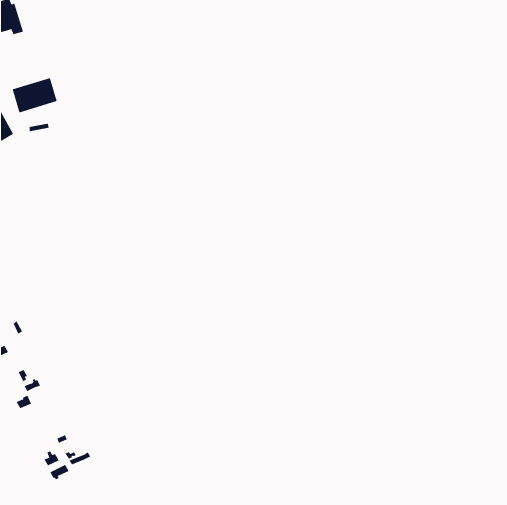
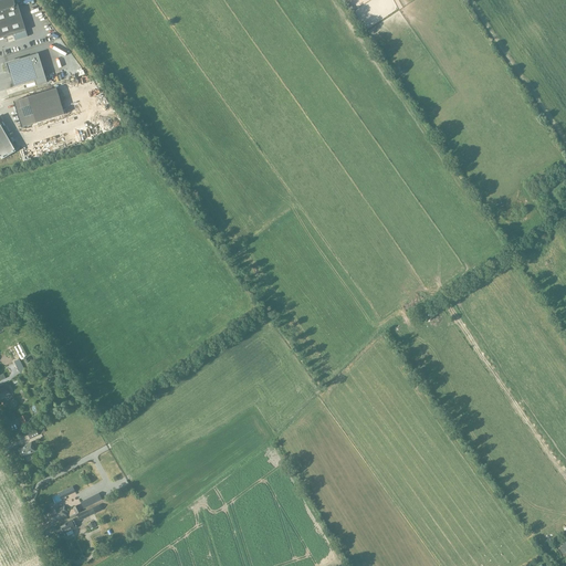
building: none -> [6,52,46,85]

